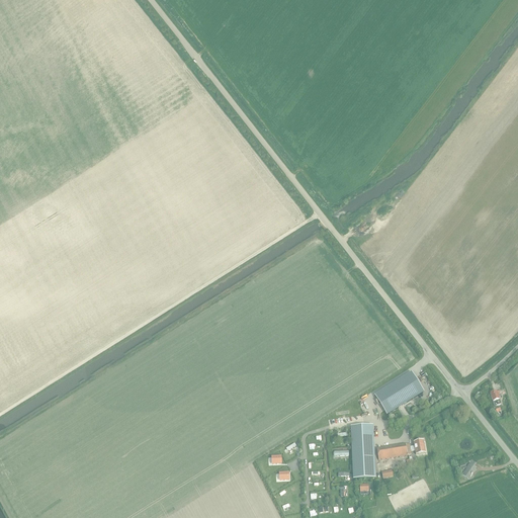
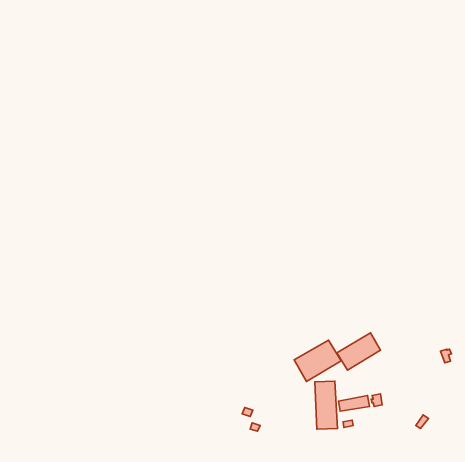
building: none -> [294,340,341,382]

